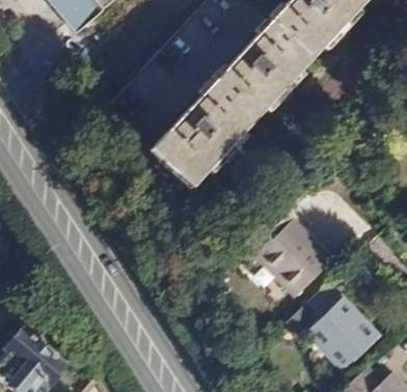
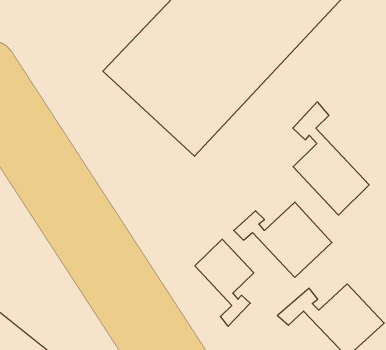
building: none -> [293,102,369,215]
building: none -> [195,239,254,326]

